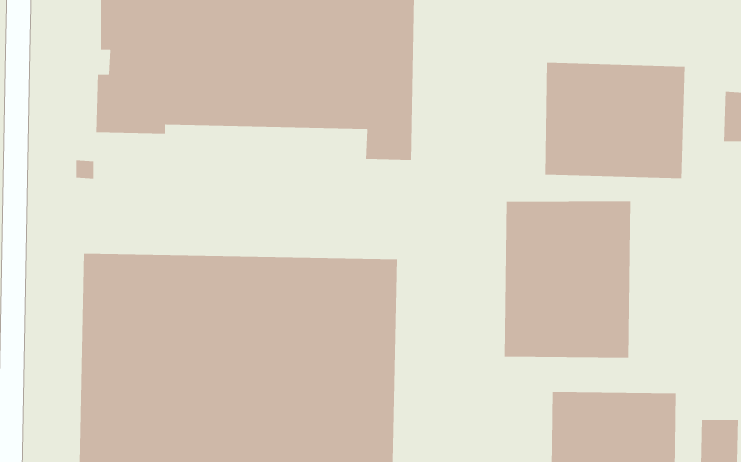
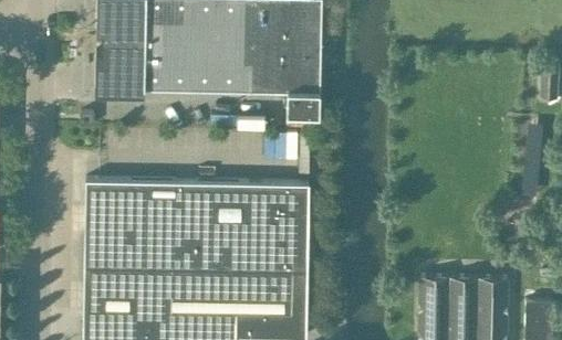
building: [544,62,686,179] -> none
building: [504,201,631,359] -> none

